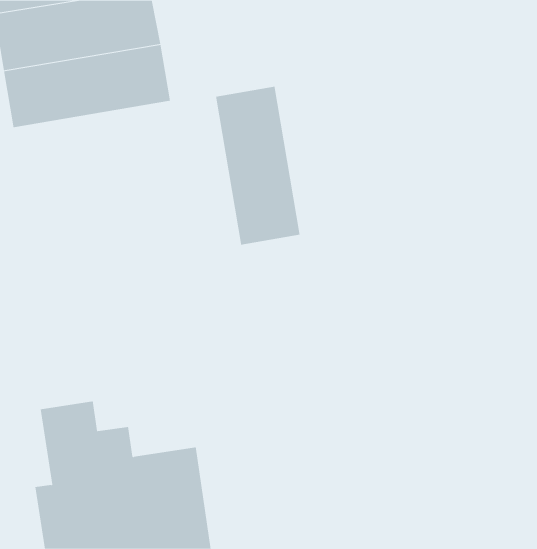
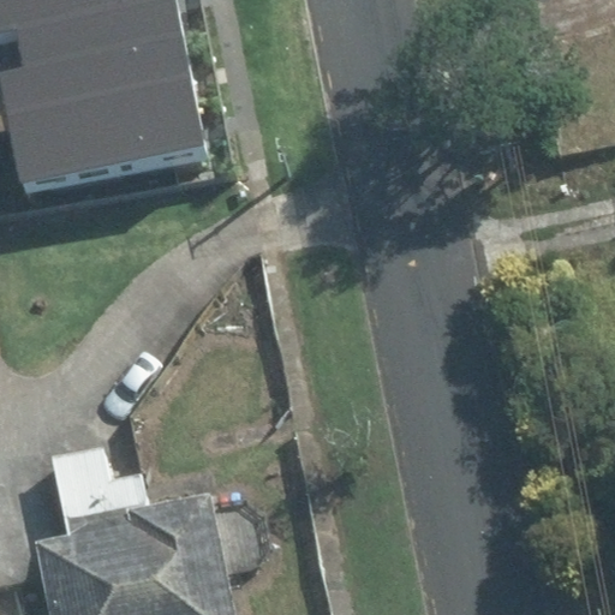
building: [216,86,300,245] -> none
building: none -> [14,113,202,207]

